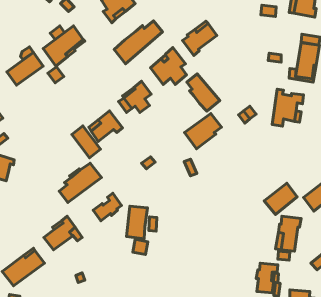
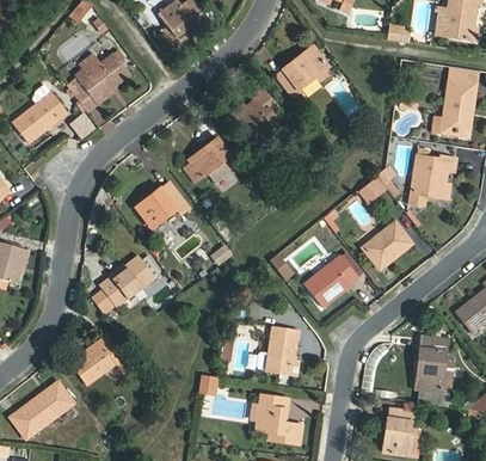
building: [114,21,162,64] -> none
building: [187,74,220,111] -> none
building: [185,113,221,149] -> [301,254,356,307]
building: [72,126,100,158] -> none
building: [264,183,297,214] -> [367,226,416,272]
building: [93,193,122,221] -> none
building: [127,206,147,239] -> [266,327,297,376]
building: none -> [256,397,303,443]

